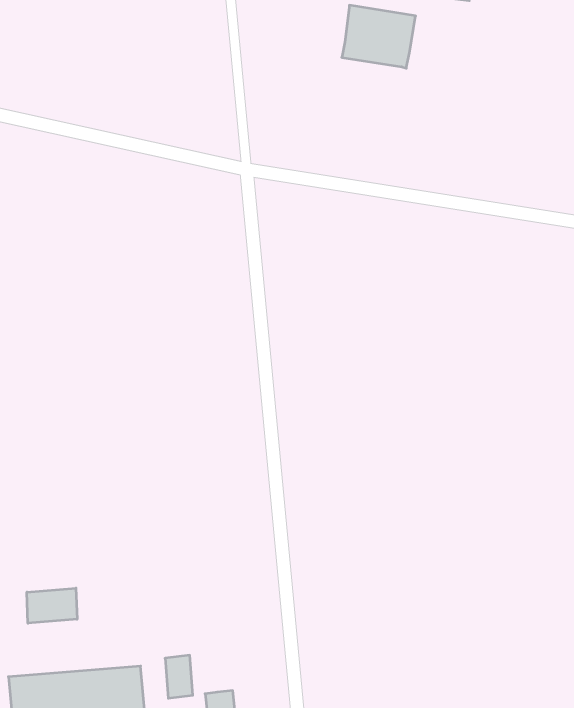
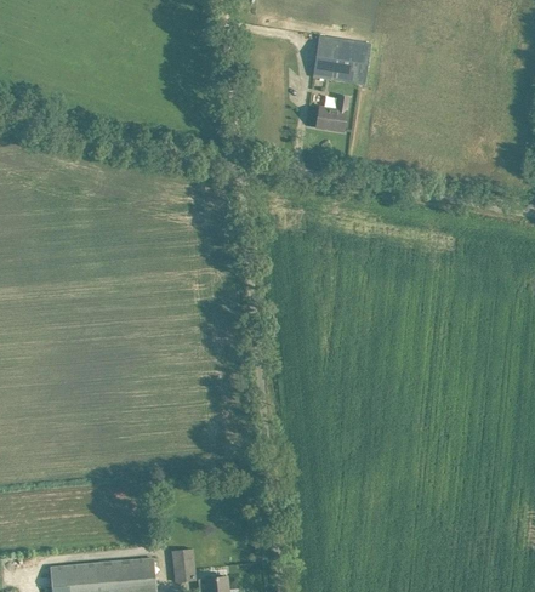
building: none -> [315,95,348,131]
building: [27,588,77,623] -> none

